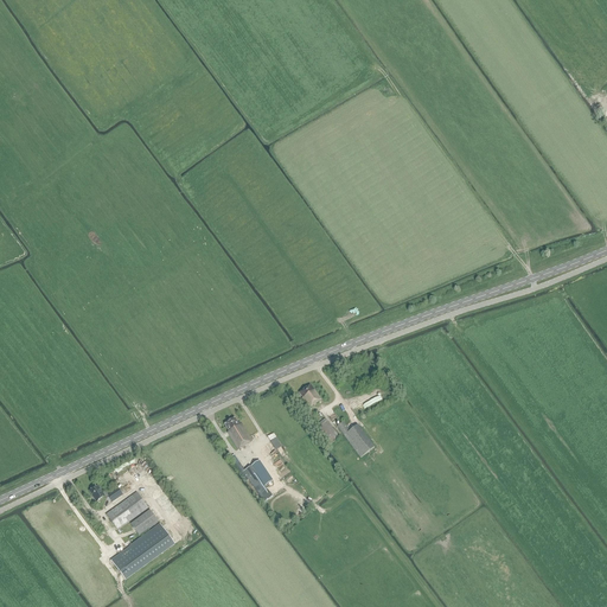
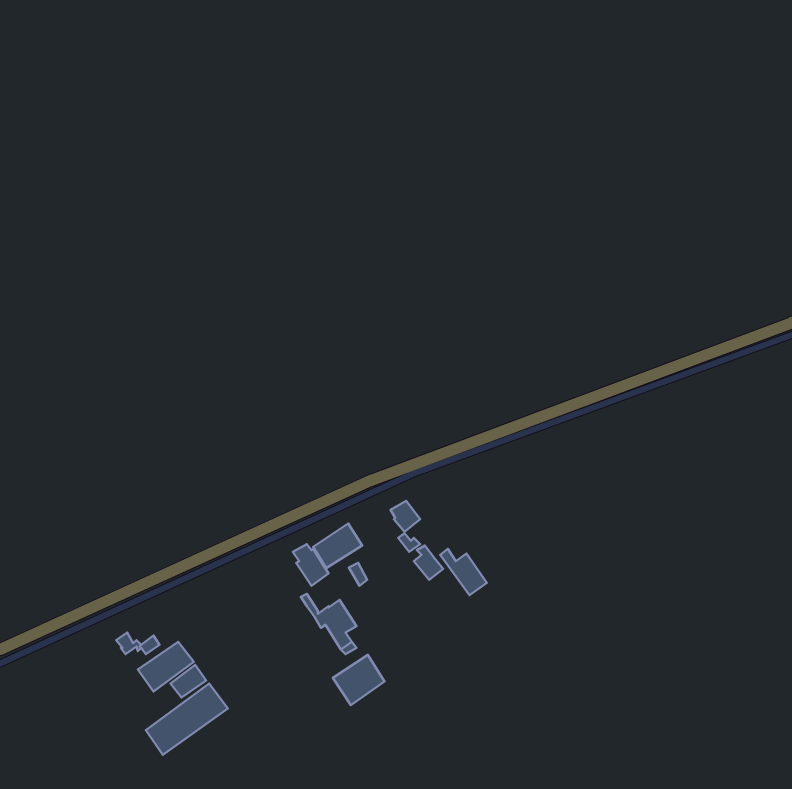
building: none -> [313,524,362,568]
building: none -> [333,655,385,705]

